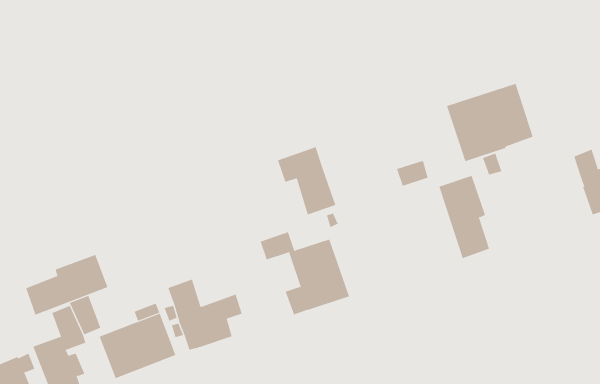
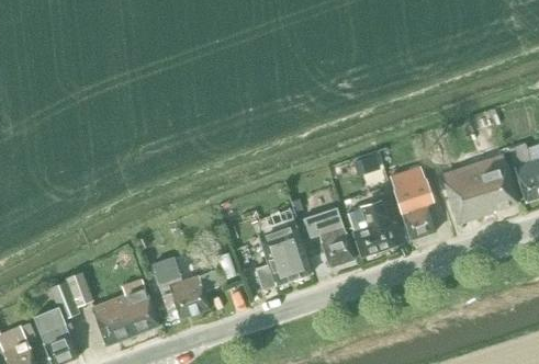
building: [446,83,534,162] -> [441,153,518,223]
building: [277,146,336,215] -> [303,206,355,266]
building: none -> [347,201,395,255]
building: [25,254,108,316] -> none

